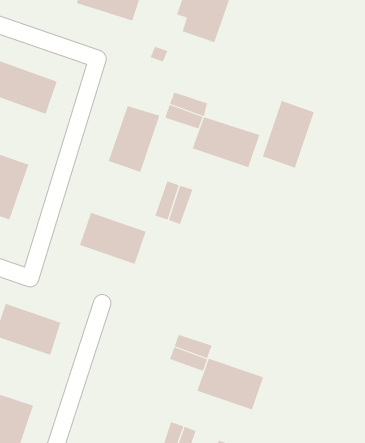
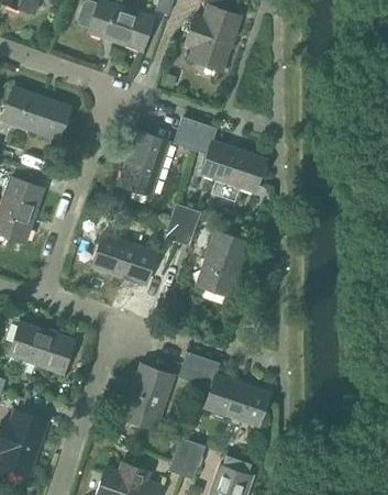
building: [262,100,315,169] -> none
building: none -> [197,231,247,296]
building: none -> [122,364,173,429]

